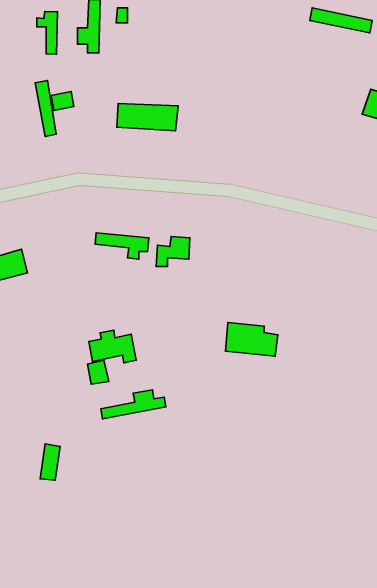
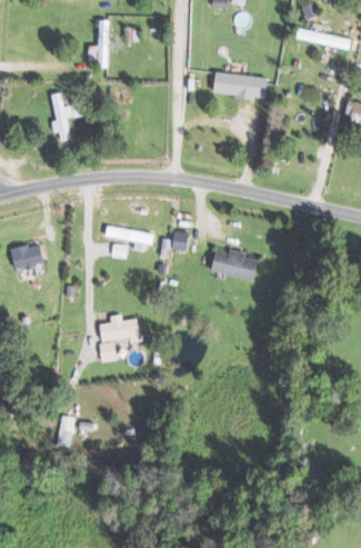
building: [37,11,58,54] -> none
building: [117,103,178,131] -> [213,73,268,98]
building: [225,322,278,356] -> [211,249,258,279]
building: [101,390,166,419] -> none

